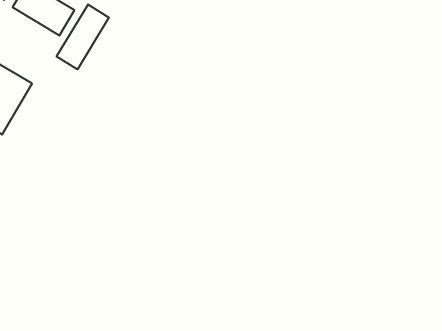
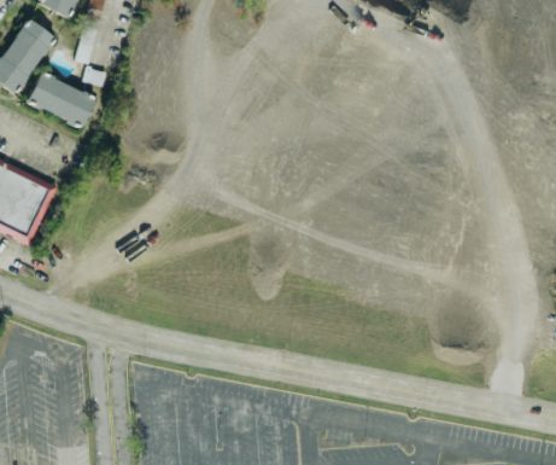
building: [57,4,109,69] -> none

